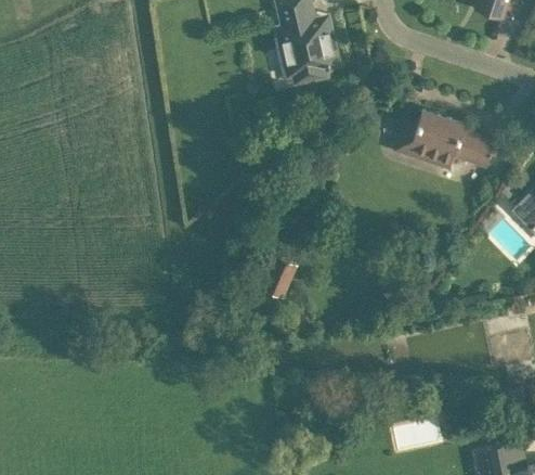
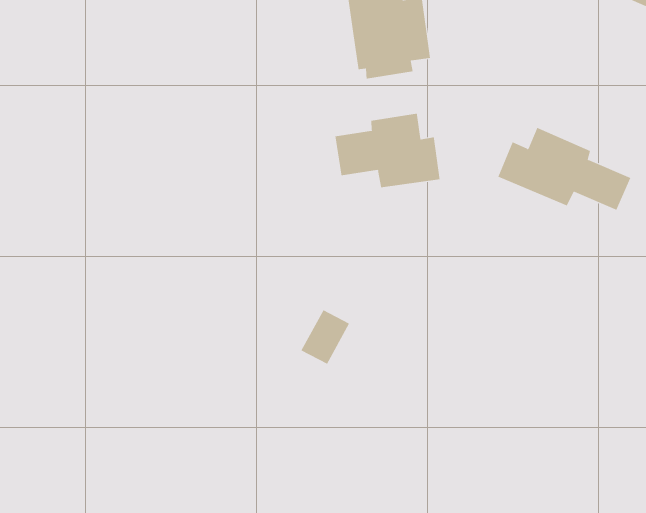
building: none -> [335,113,440,188]

